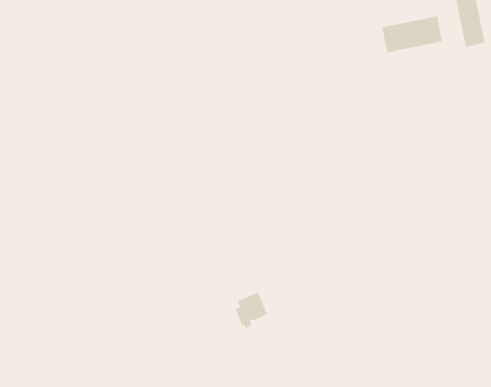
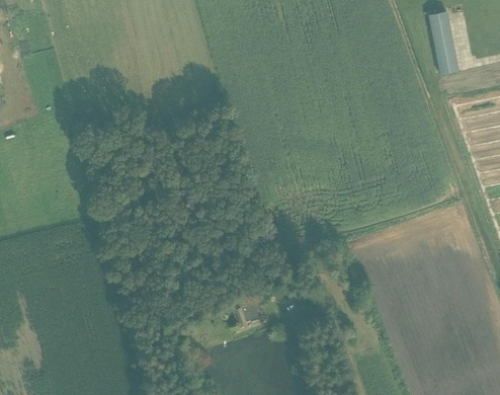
building: [382,16,442,53] -> none

